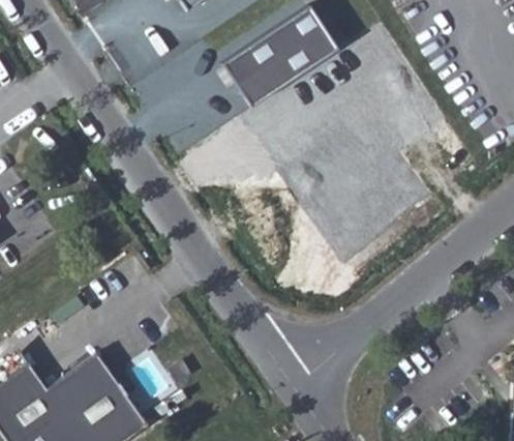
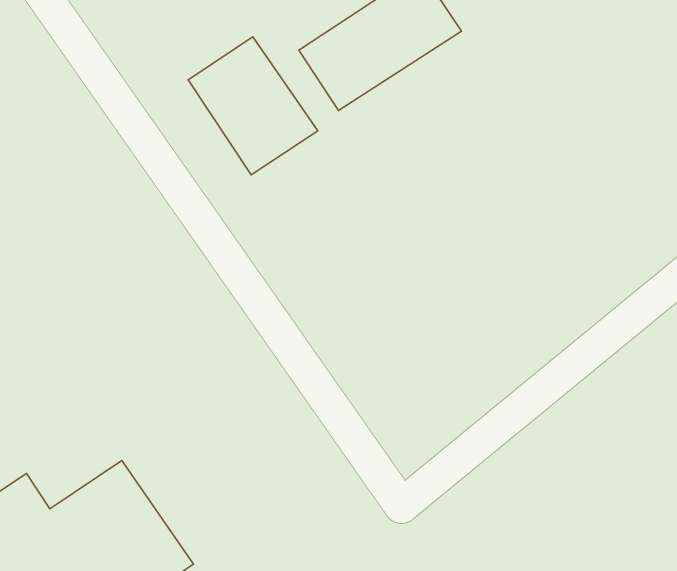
building: none -> [188,37,318,175]

